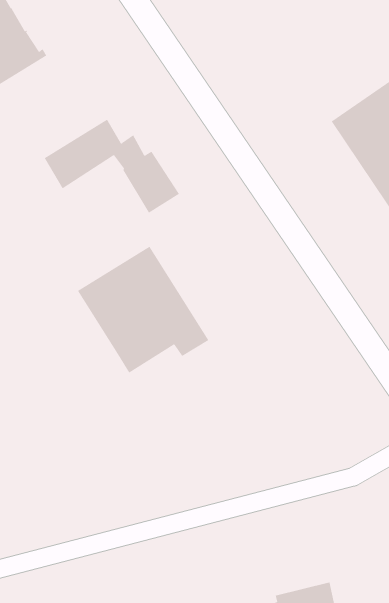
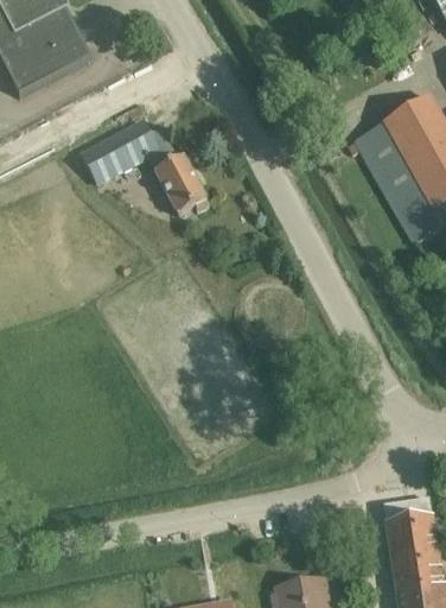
building: [77,246,209,373] -> none

